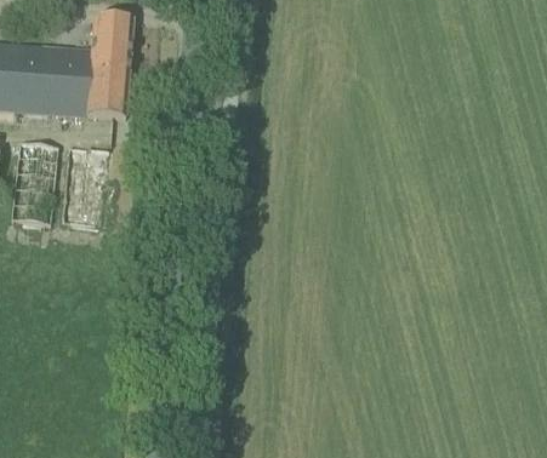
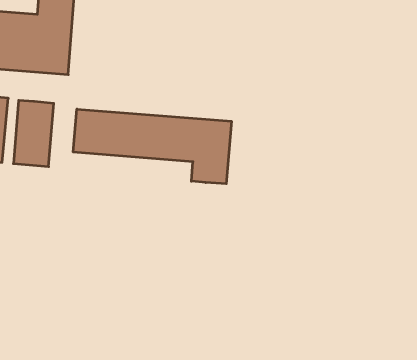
building: none -> [73,109,231,184]

